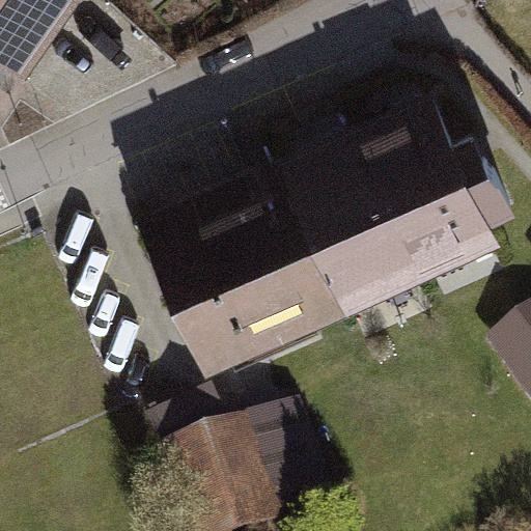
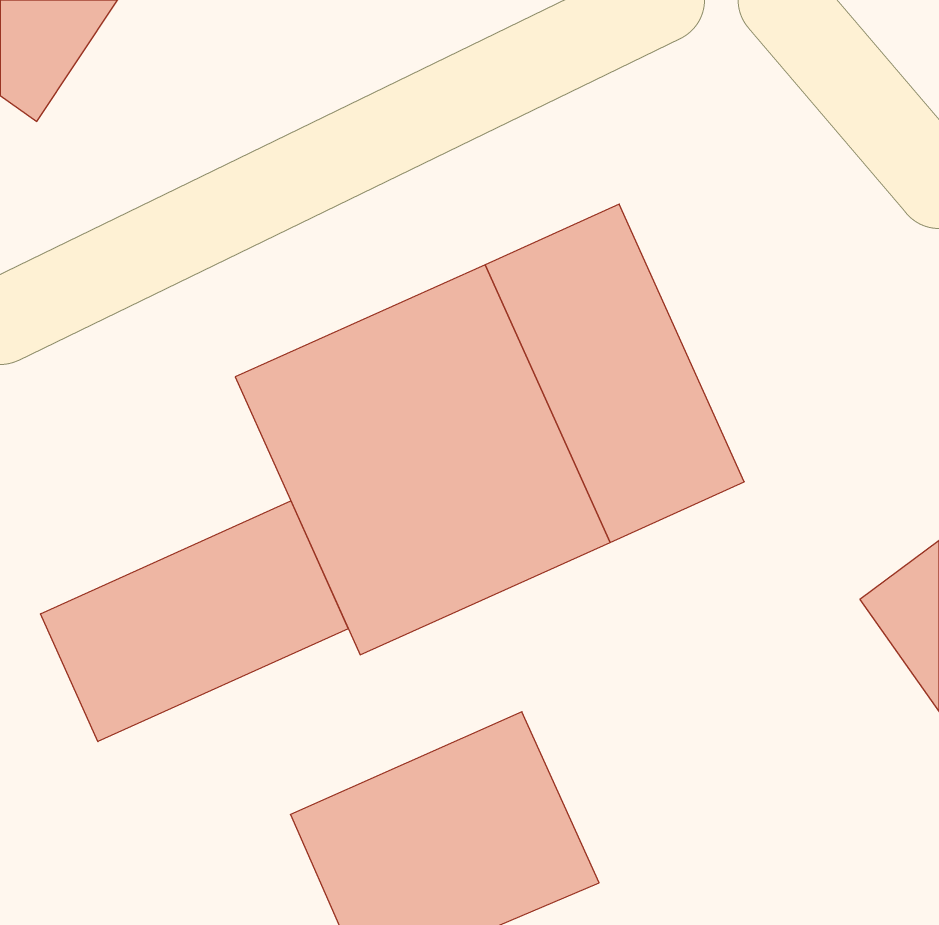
building: [350,88,513,280] -> none
building: none -> [41,501,348,742]

